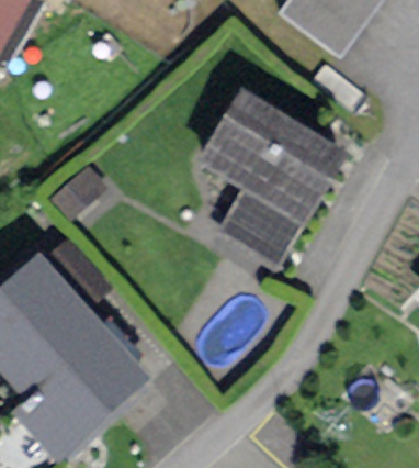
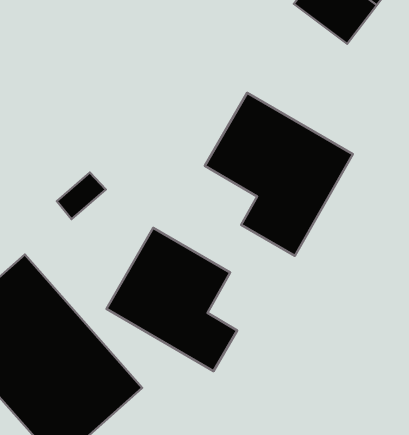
building: none -> [107,228,237,371]

